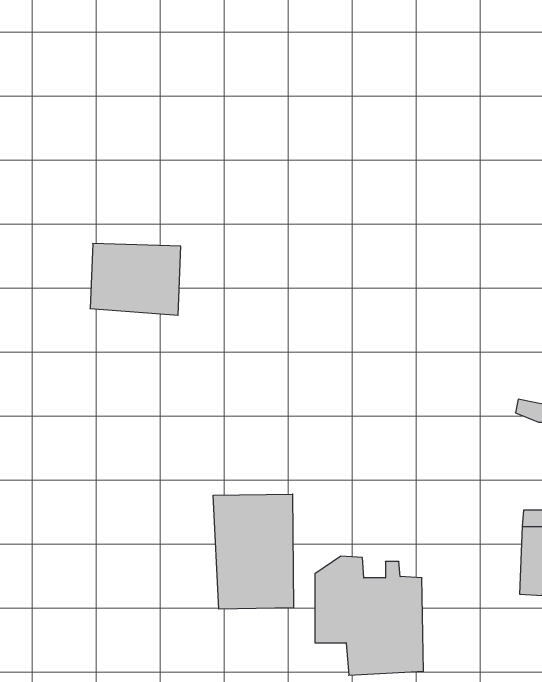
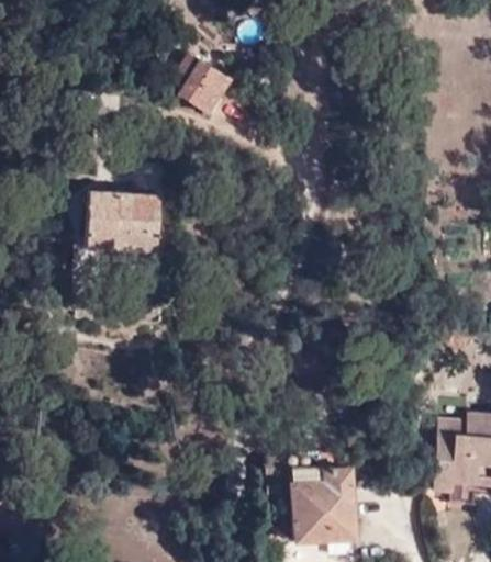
building: none -> [160,49,231,115]
building: [213,494,293,609] -> none

